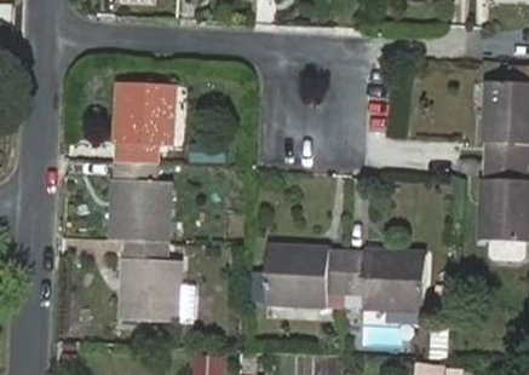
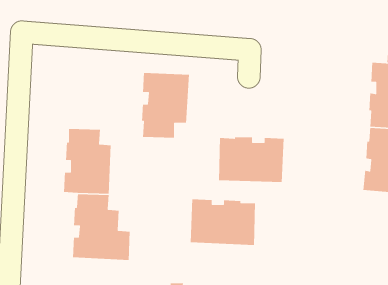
building: [115,82,174,163] -> [141,72,190,138]
building: [345,252,426,308] -> [218,136,285,183]

